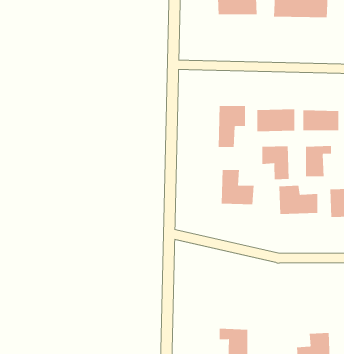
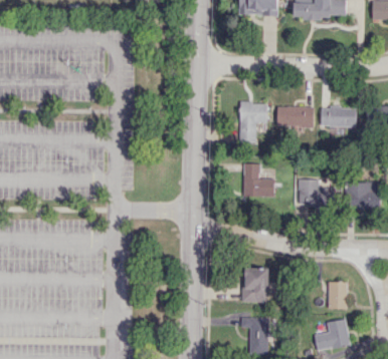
building: [306,145,332,177] -> none
building: [262,146,289,180] -> none
building: none -> [242,268,268,302]
building: none -> [328,281,347,309]

